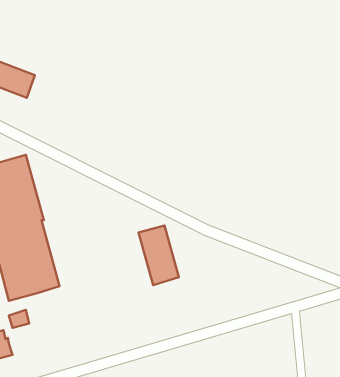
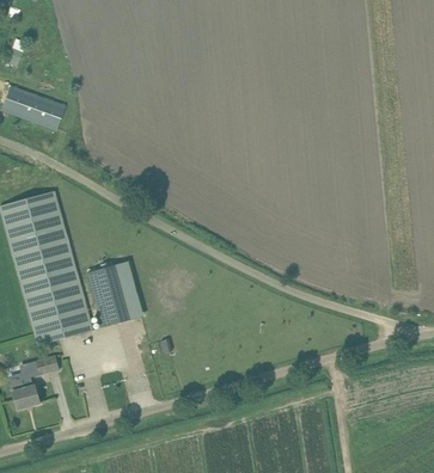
building: [139,226,179,285] -> [88,264,132,327]

